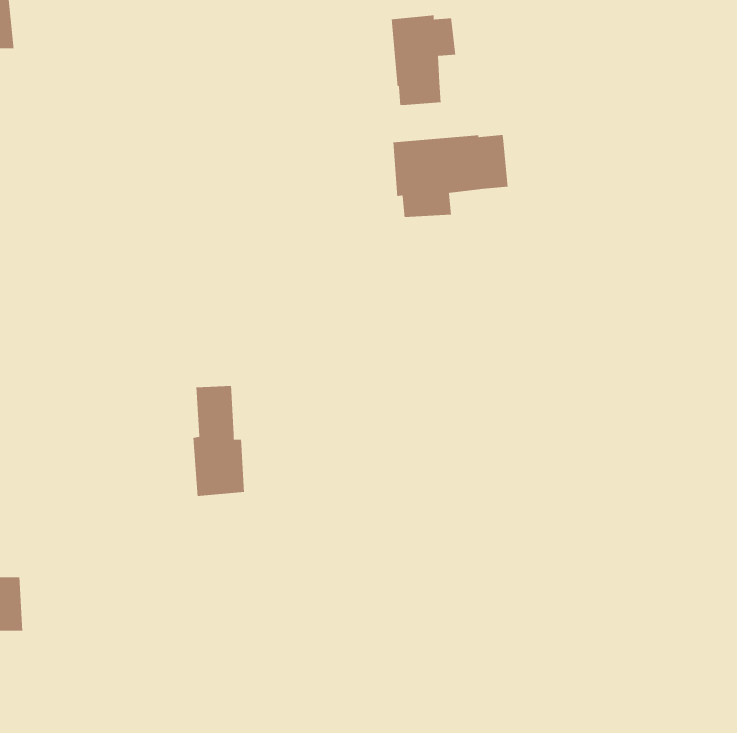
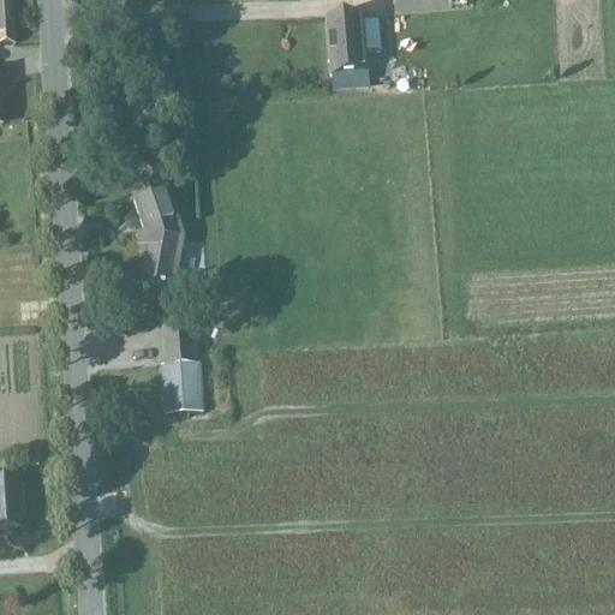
building: [393,134,509,218] -> none
building: none -> [135,185,179,286]

